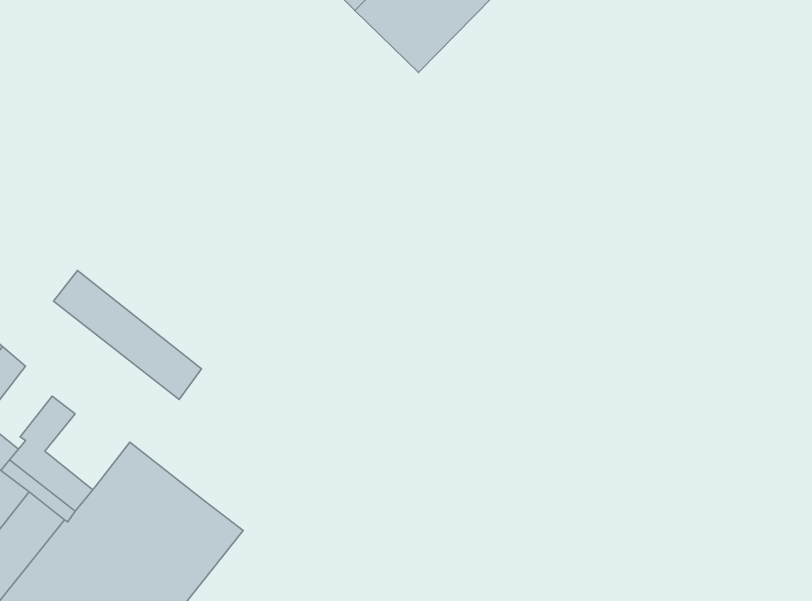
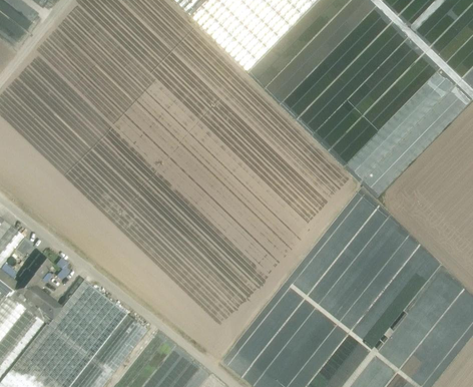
building: [54,271,202,399] -> none

